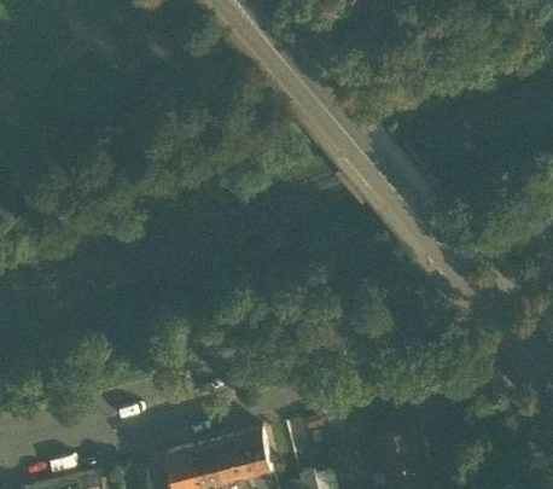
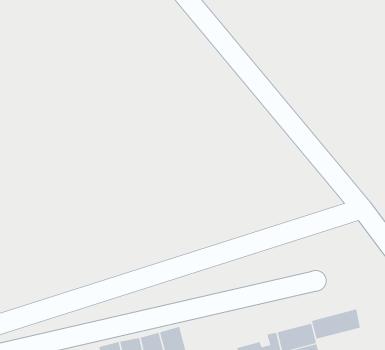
building: none -> [311,309,360,339]

